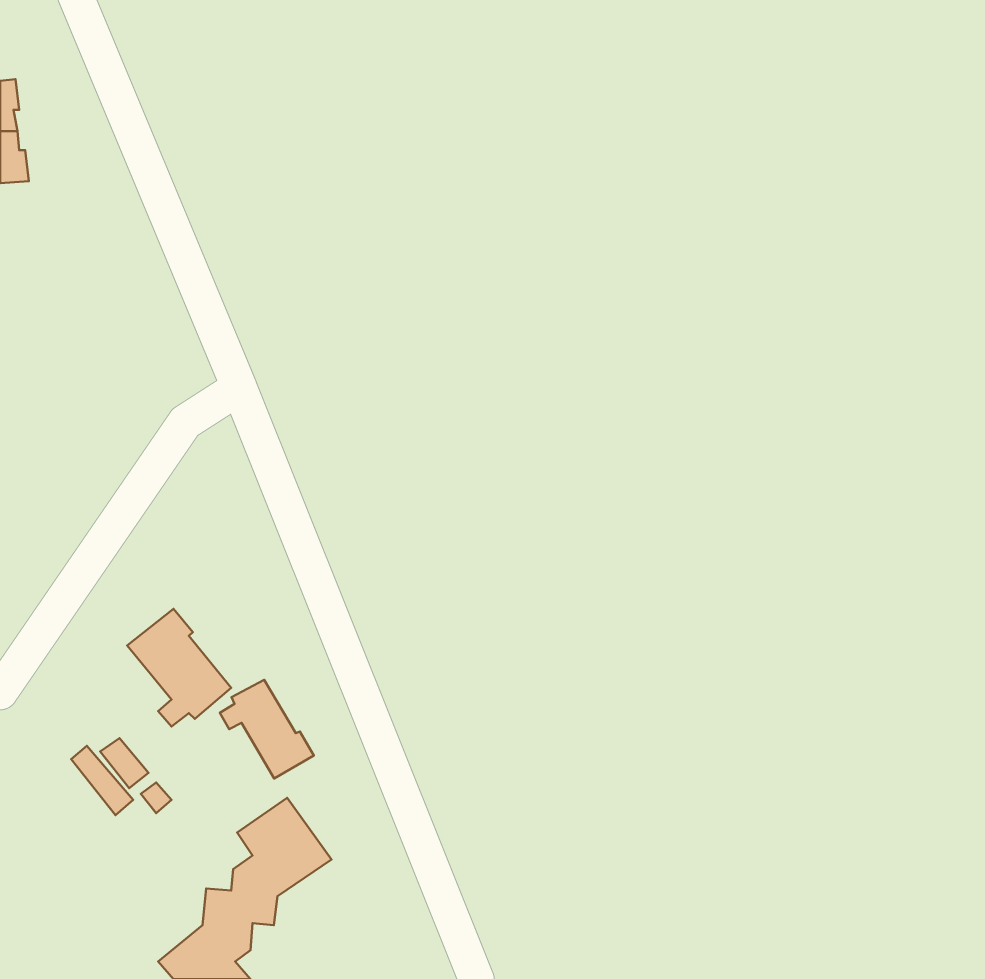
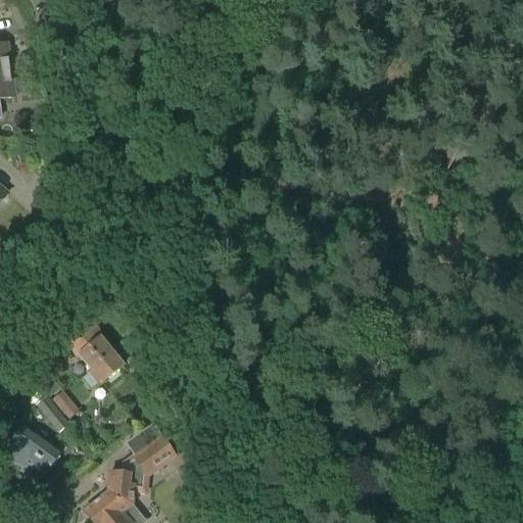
building: [220,680,314,778] -> none
building: none -> [5,426,59,477]

